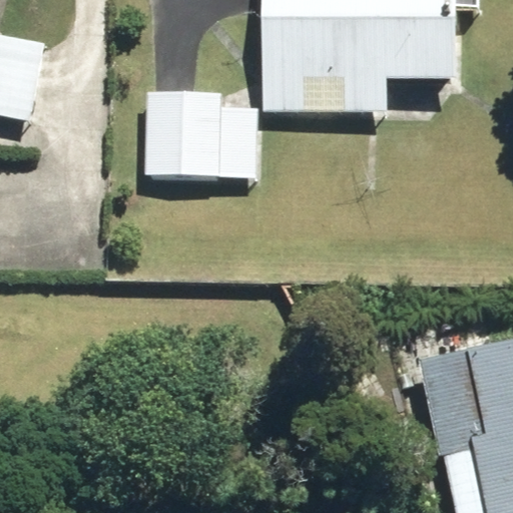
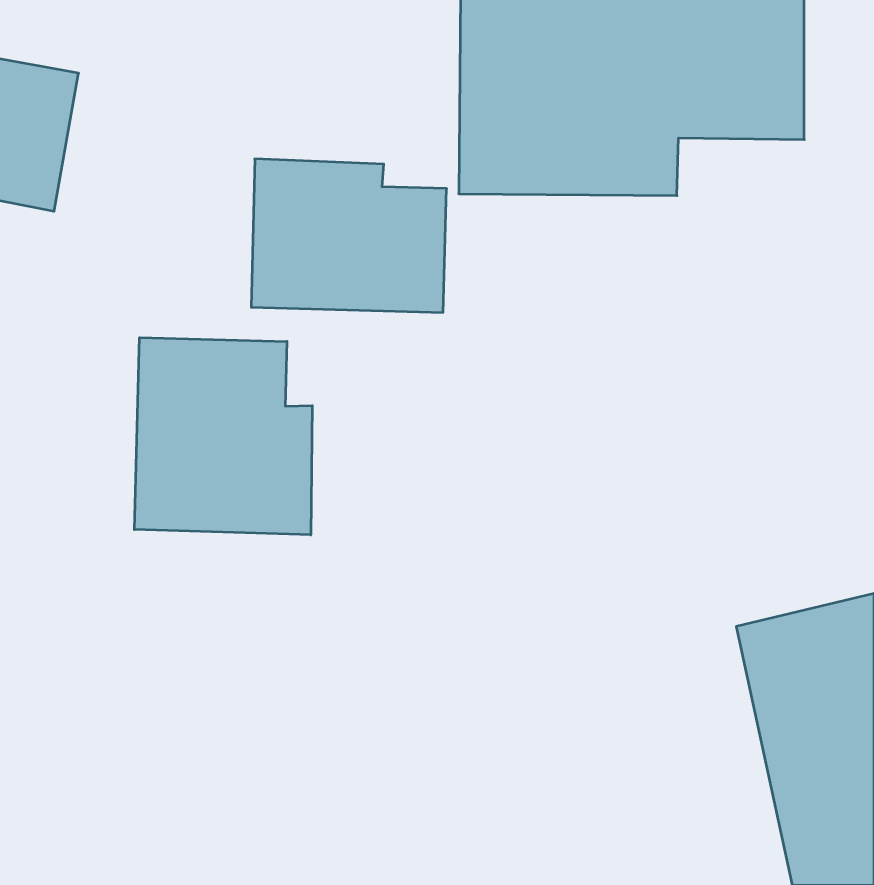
building: none -> [134,338,312,535]

